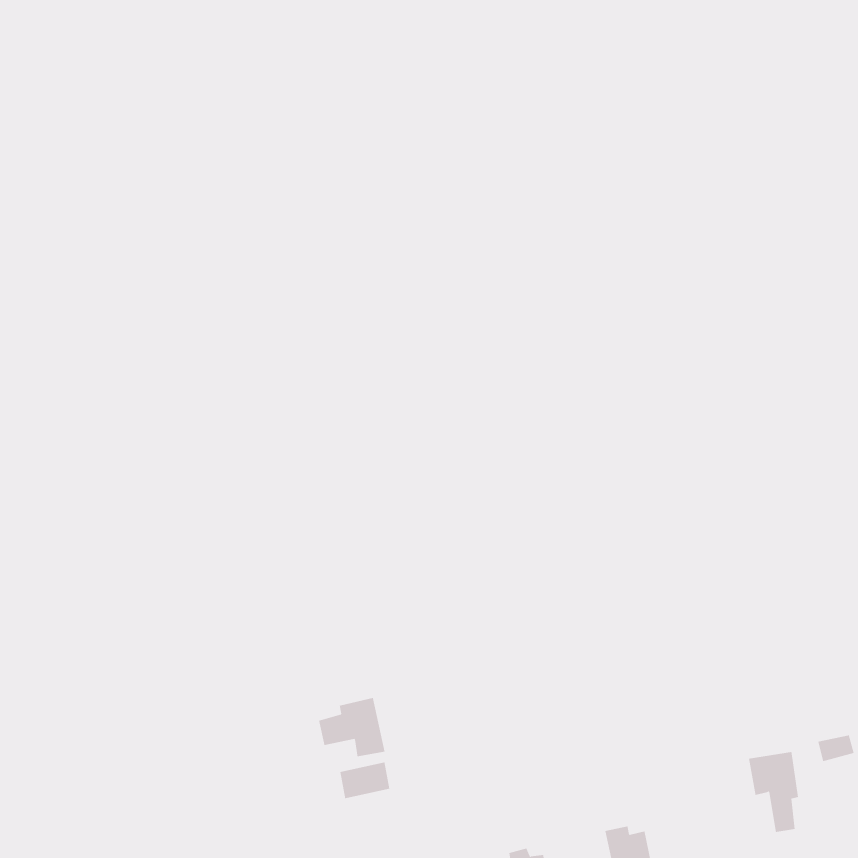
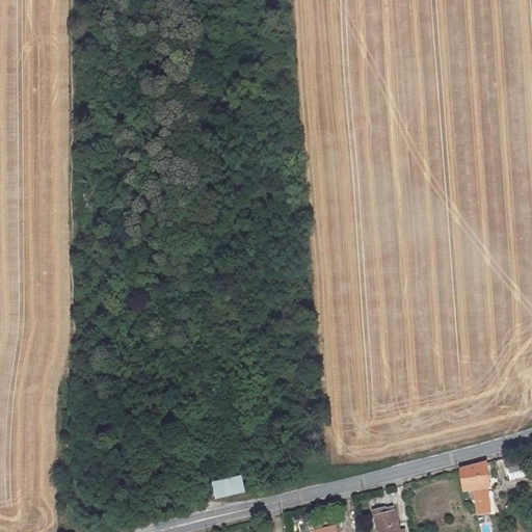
building: [319,697,385,757] -> none

